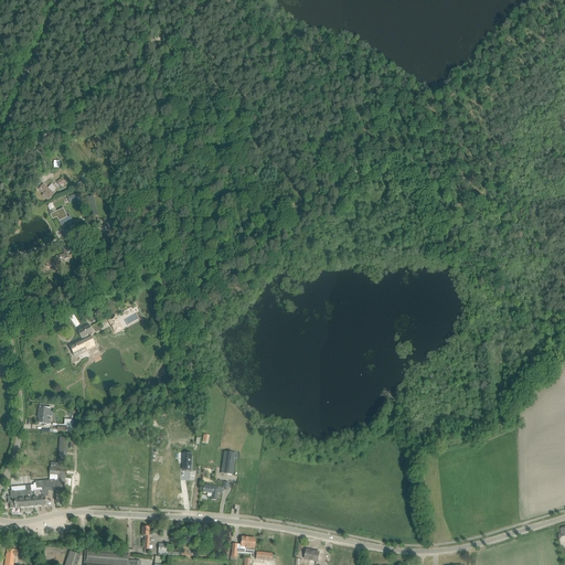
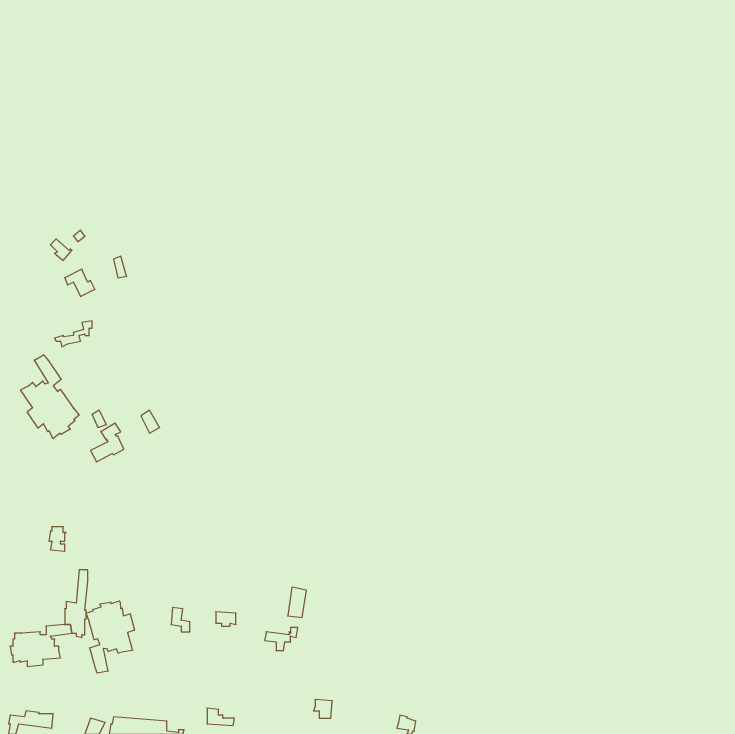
building: none -> [21,355,79,439]
building: none -> [86,601,134,673]

